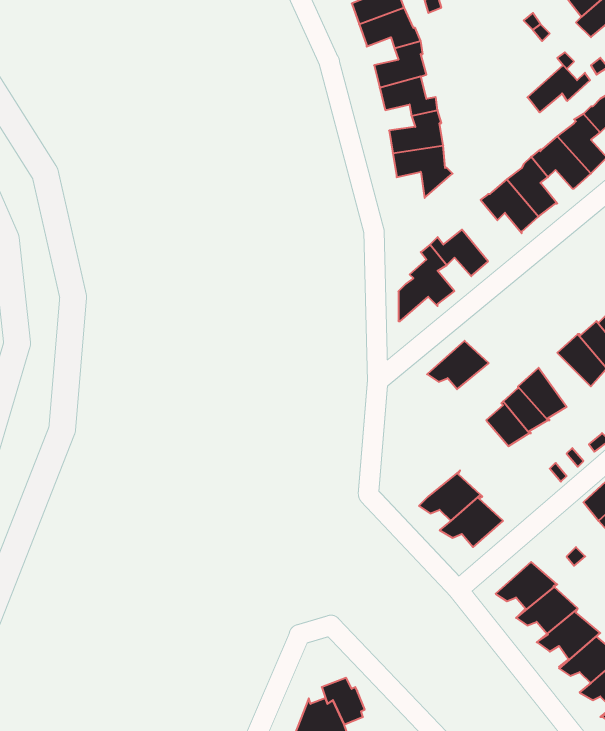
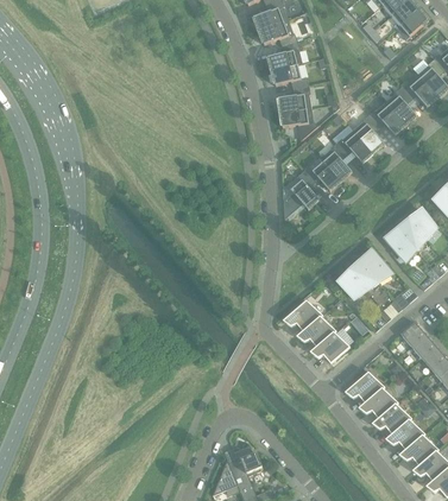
building: [527,65,590,112] -> none
building: none -> [320,141,352,180]
building: [427,341,489,389] -> [283,299,322,330]

